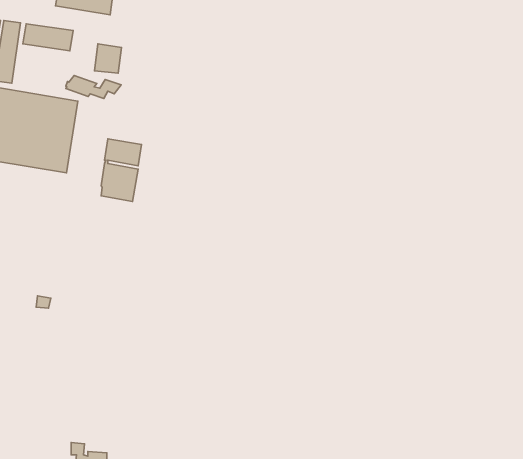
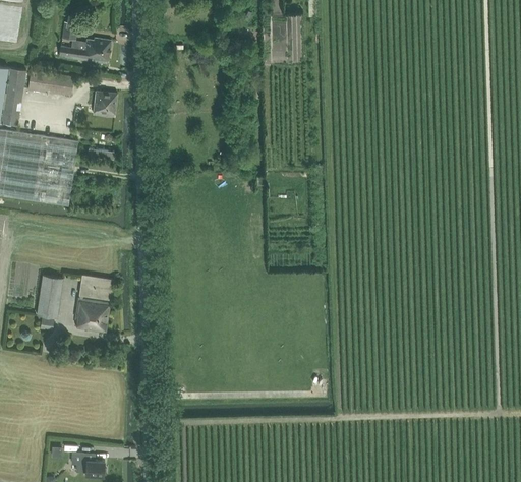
building: [66,76,121,98] -> none
building: [101,139,142,202] -> [75,275,112,332]
building: none -> [36,275,62,318]

